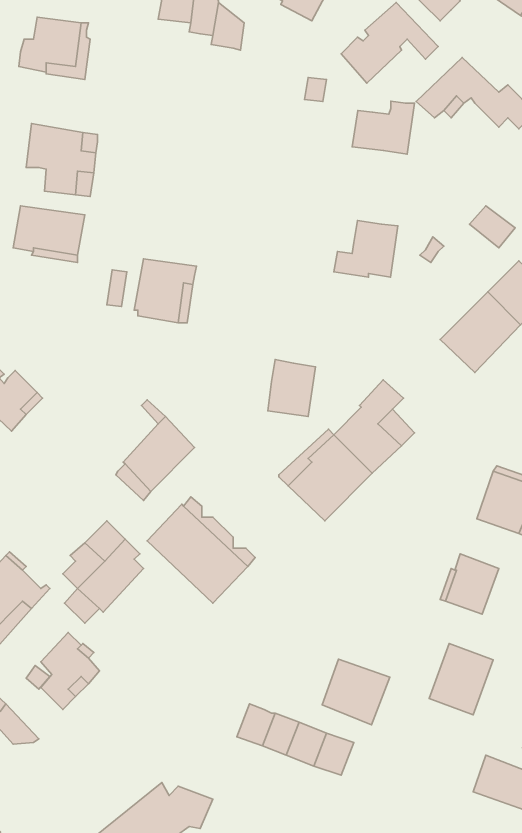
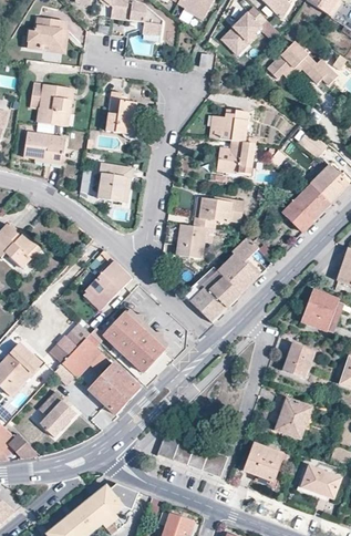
building: [352,101,415,154] -> [211,111,249,143]
building: none -> [105,91,136,138]
building: none -> [192,197,242,230]
building: none -> [87,362,140,414]
building: [322,659,390,725] -> [244,442,285,482]

